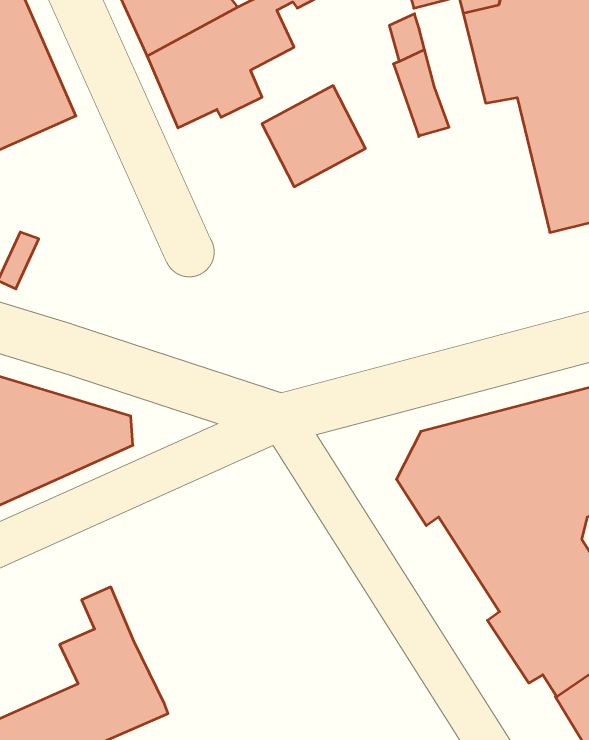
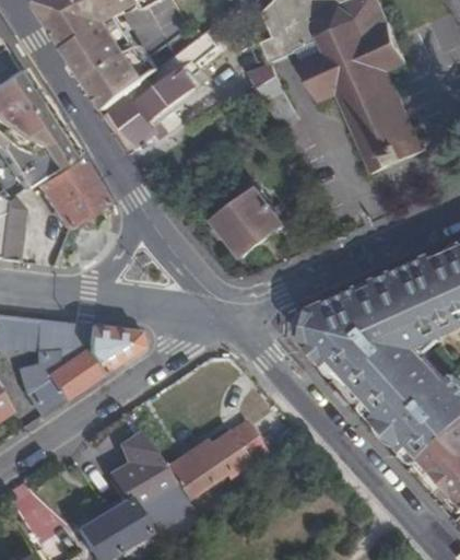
building: [262,86,365,187] -> [219,189,284,255]
building: none -> [36,159,108,233]
building: none -> [162,419,264,501]

